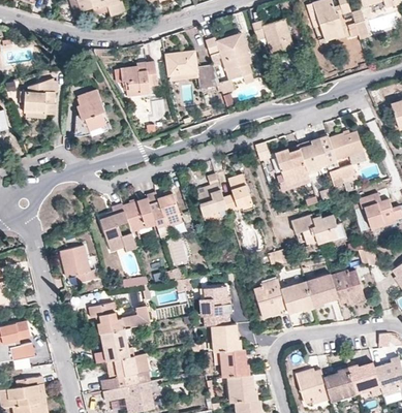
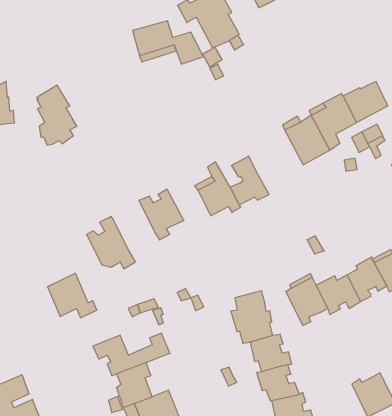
building: [121,57,158,94] -> none
building: [123,197,156,232] -> none
building: [291,215,347,244] -> none

